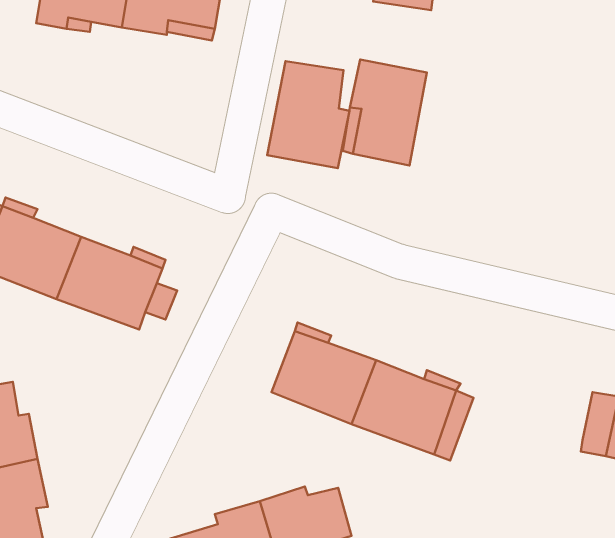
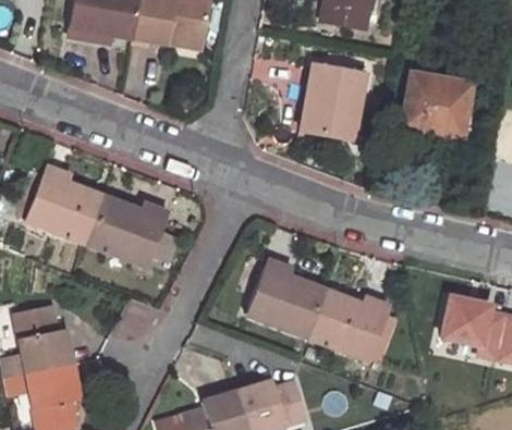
building: [267,61,349,168] -> none
building: none -> [401,75,472,139]
building: none -> [441,297,490,348]

